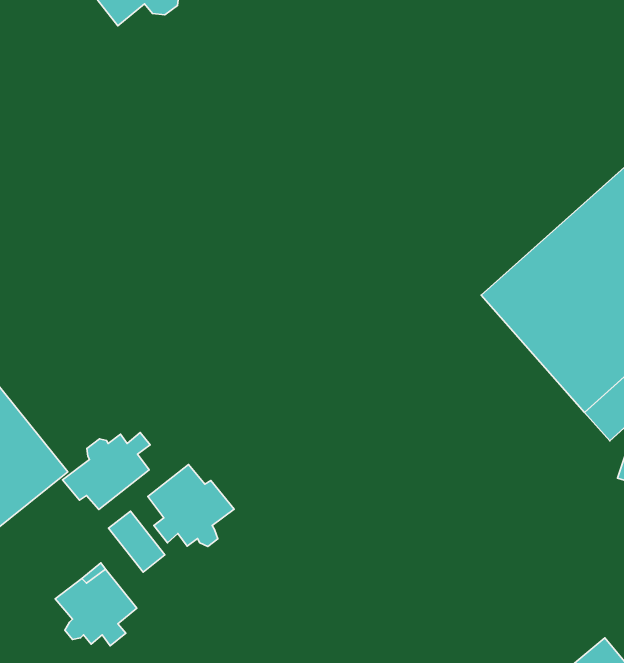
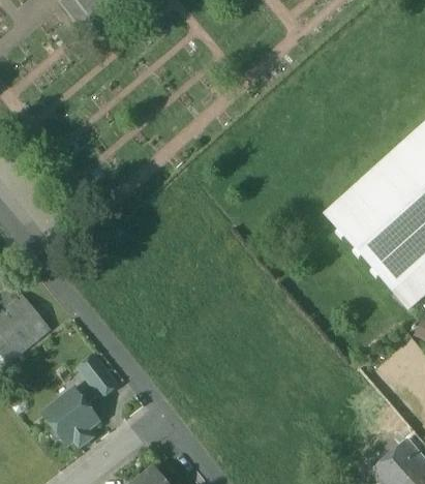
building: [63,432,150,509] -> none
building: [148,464,234,547] -> none

